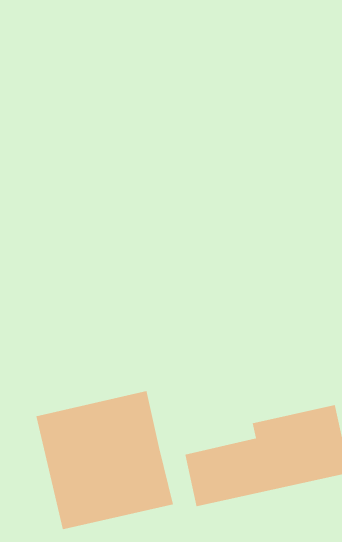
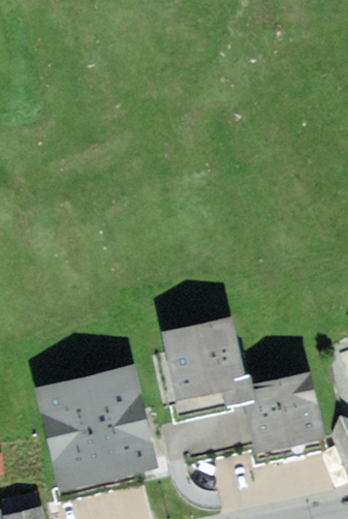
building: none -> [154,322,240,402]

